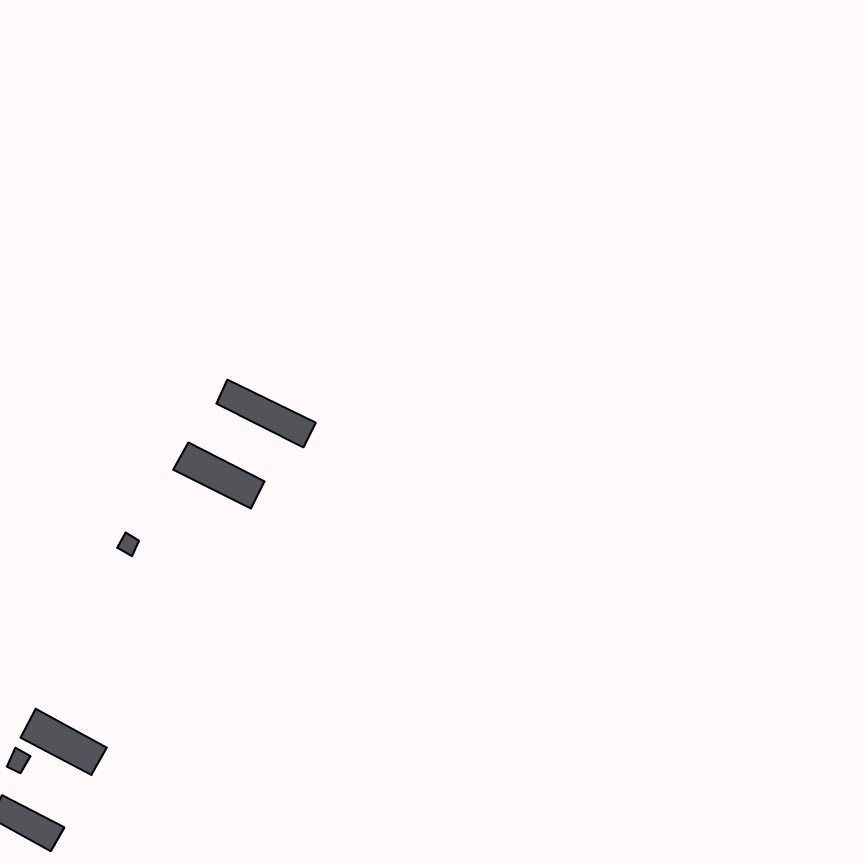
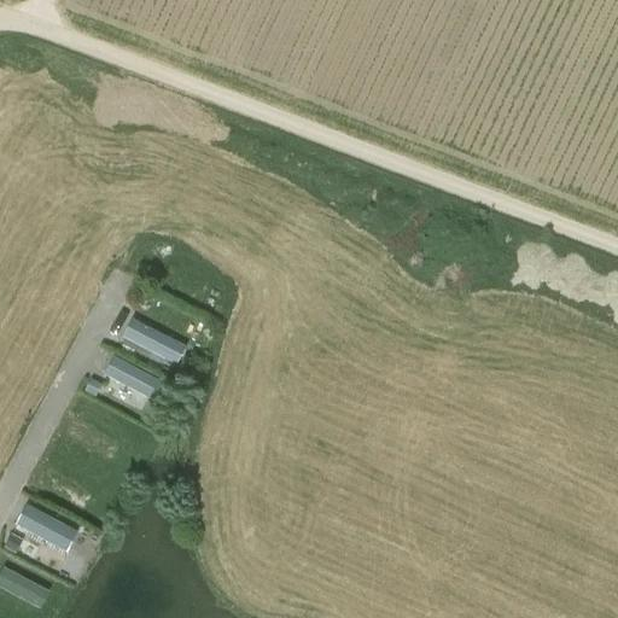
building: [216,380,316,447] -> none
building: none -> [104,357,154,396]

